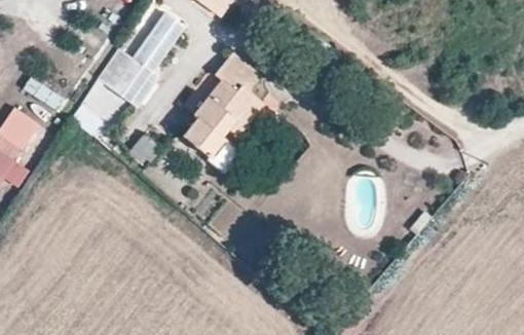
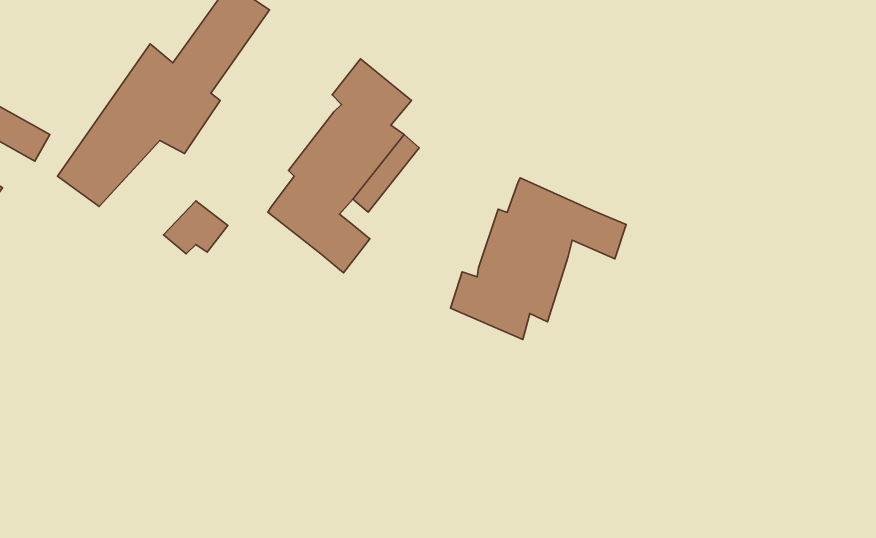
building: none -> [451,178,626,340]

